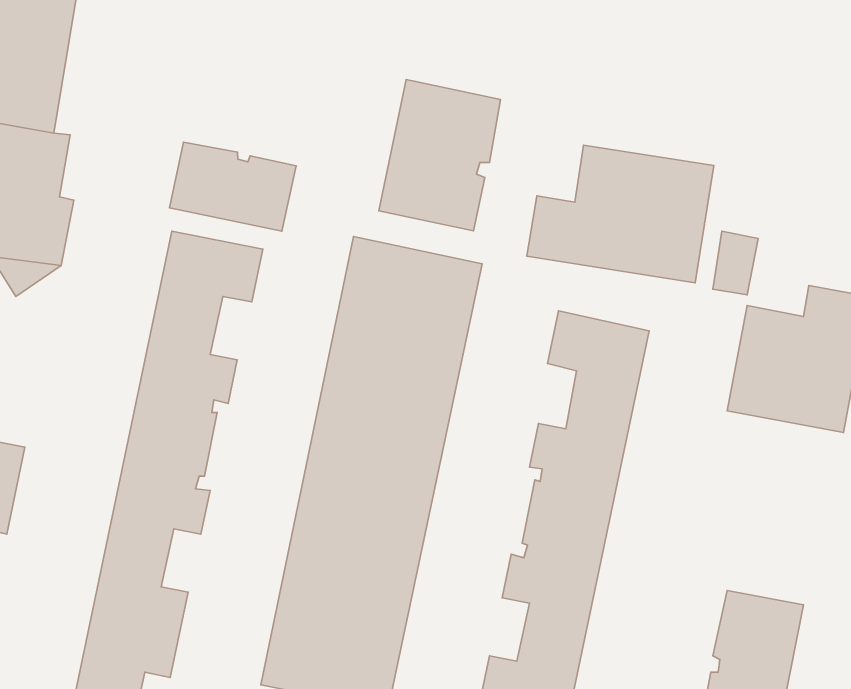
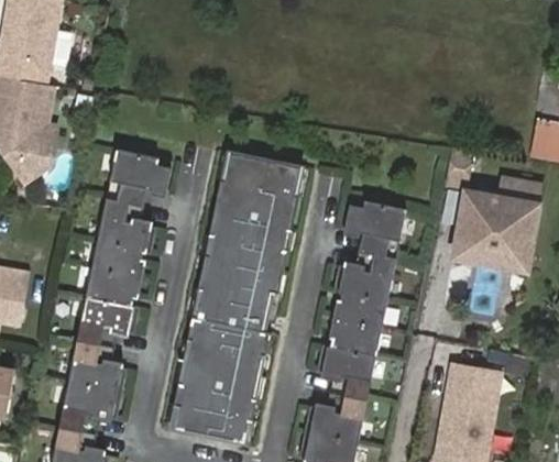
building: [379,80,501,231] -> none
building: [169,142,296,231] -> none
building: [527,145,714,283] -> none

